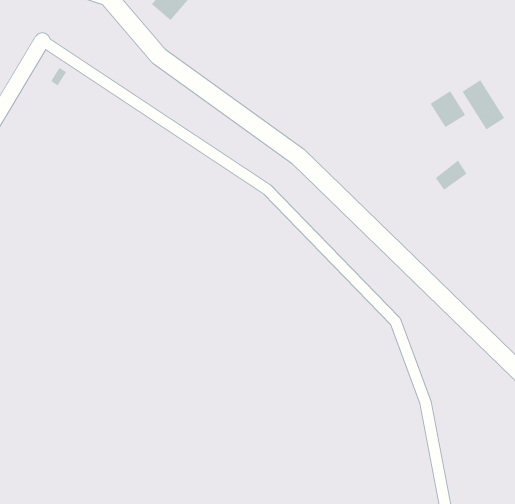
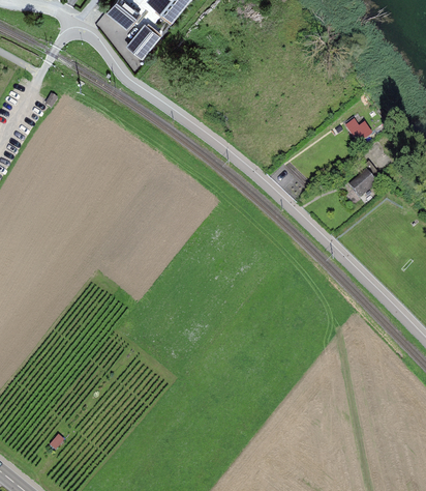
building: [462,79,505,130] -> none

